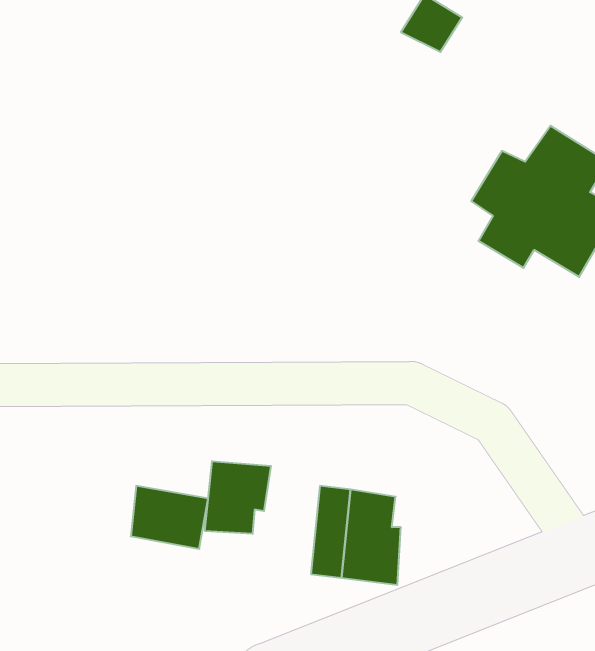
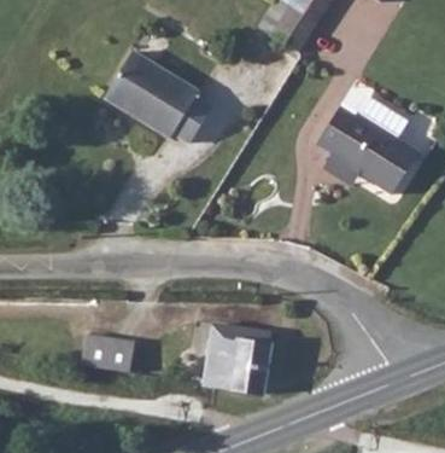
building: none -> [104,48,212,138]
building: [205,461,271,534] -> none

